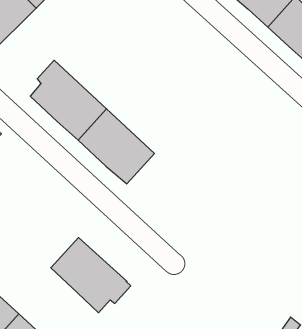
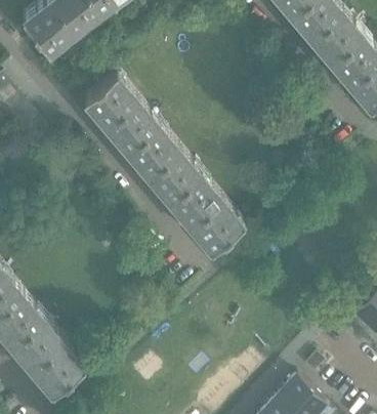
building: [51,238,131,313] -> [169,179,247,257]

